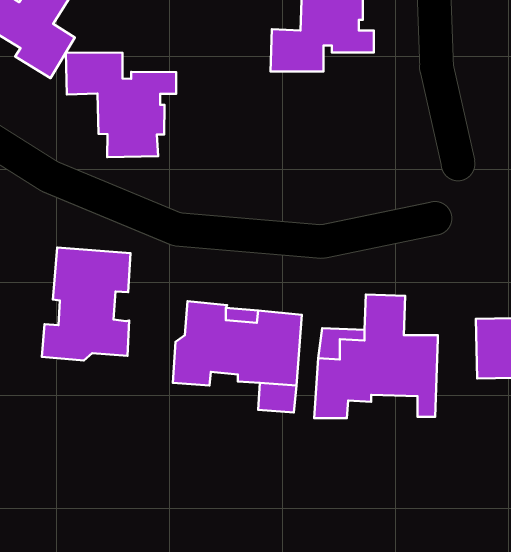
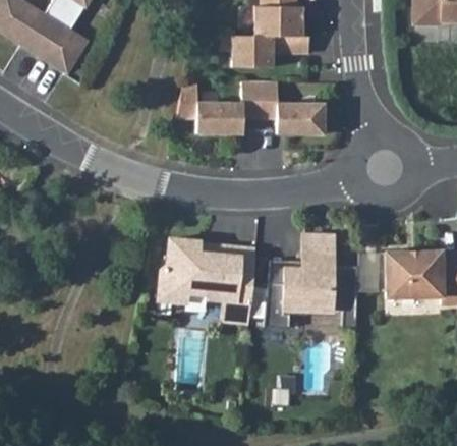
building: [66,52,176,157] -> none
building: none -> [176,82,323,134]
building: [42,248,130,361] -> none

